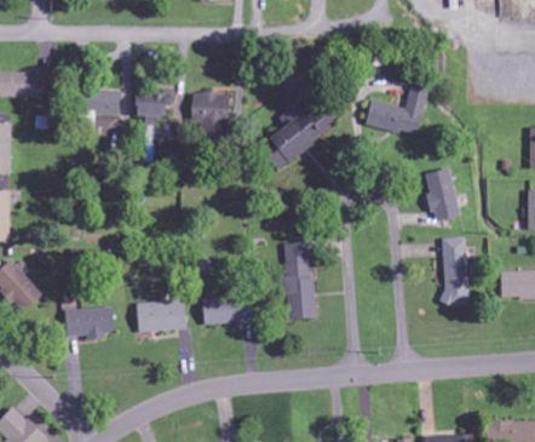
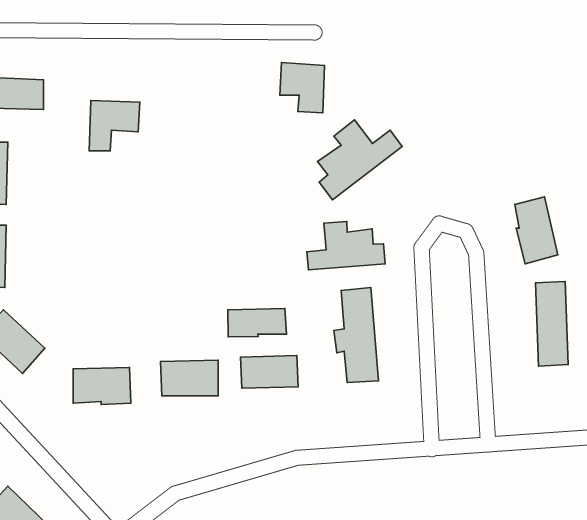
building: [366,84,427,136] -> none
building: [191,92,228,133] -> [280,62,324,113]
building: [134,93,177,125] -> none
building: none -> [307,222,385,270]
building: none -> [228,308,287,337]

